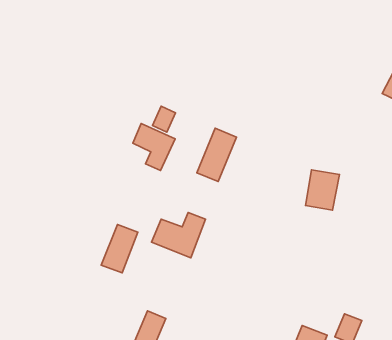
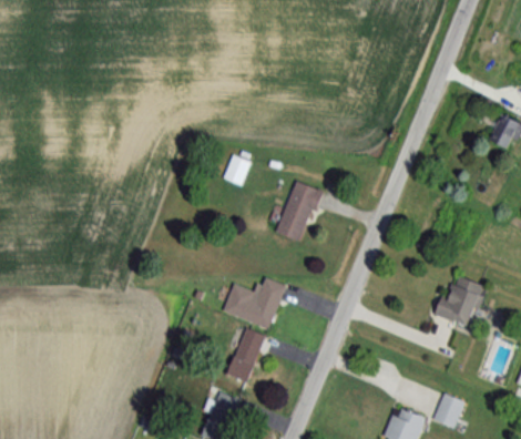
building: [133,124,175,171] -> none
building: [306,170,339,210] -> [439,277,478,324]
building: [101,225,138,273] -> [223,327,265,382]

